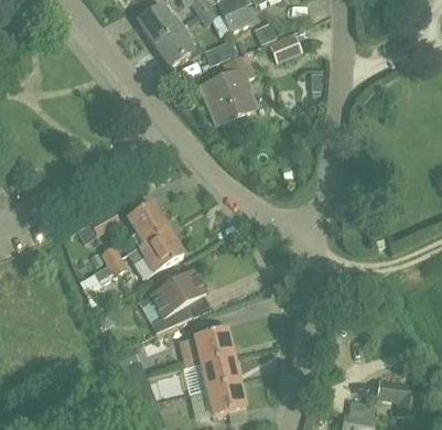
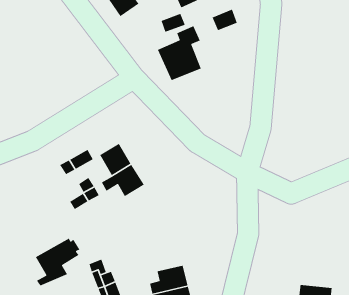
building: [153,26,193,66] -> none
building: [150,269,207,331] -> [35,237,80,287]
building: [184,327,233,366] -> none

